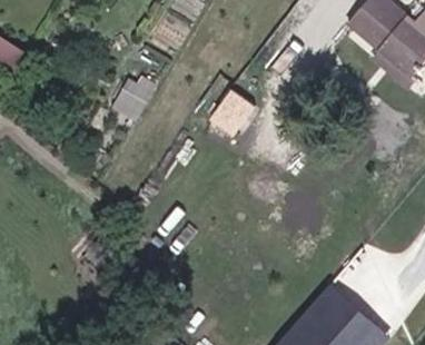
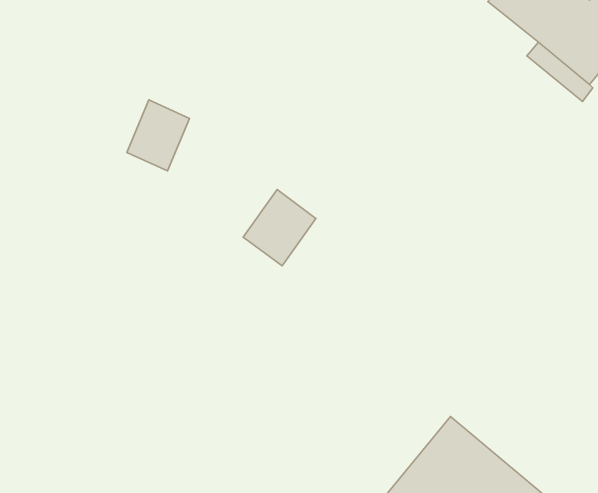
building: [210,90,258,140] -> [243,190,316,266]

